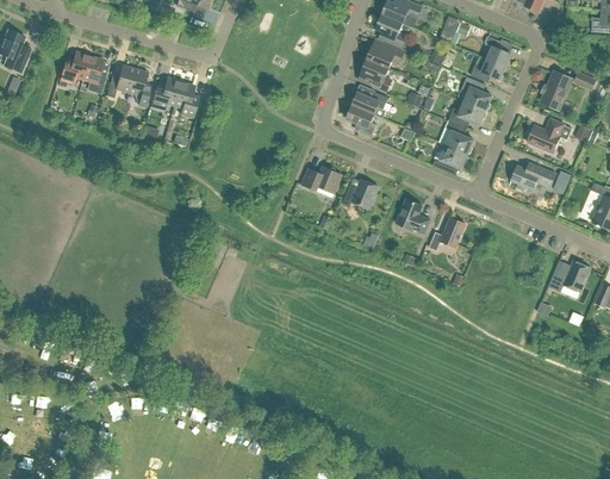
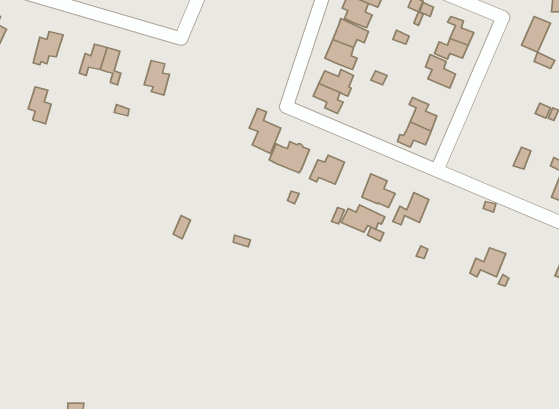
building: [81,55,105,93] -> [28,87,51,124]
building: [541,71,571,108] -> [521,16,550,52]
building: [150,77,179,108] -> none
building: [448,100,486,126] -> none
building: [527,118,571,153] -> none
building: none -> [249,109,281,154]
building: [511,161,555,192] -> none
building: none -> [341,205,385,232]
building: [553,261,590,291] -> [470,248,506,277]

